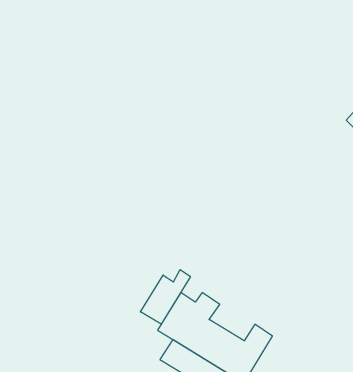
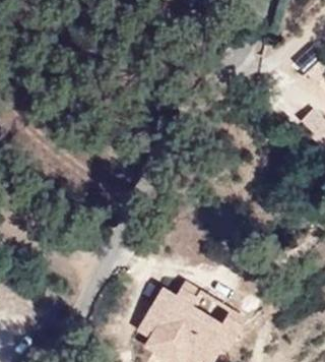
building: [140,270,190,324] -> none

